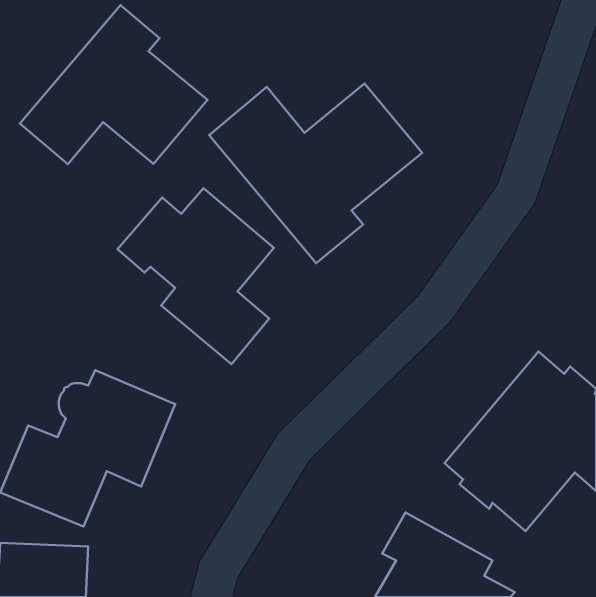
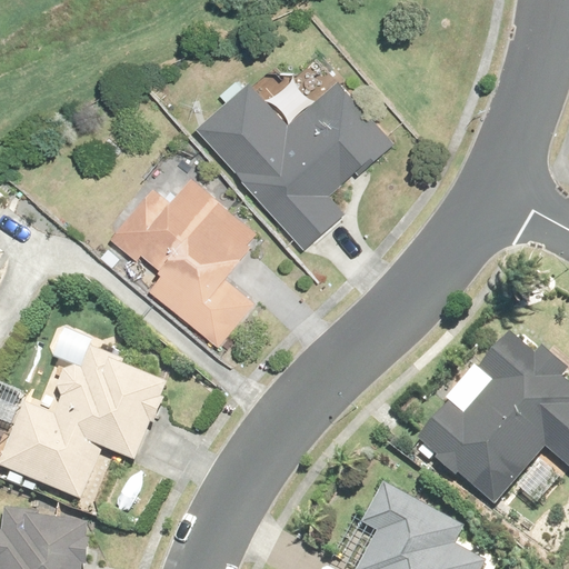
building: [20,5,207,164] -> none

